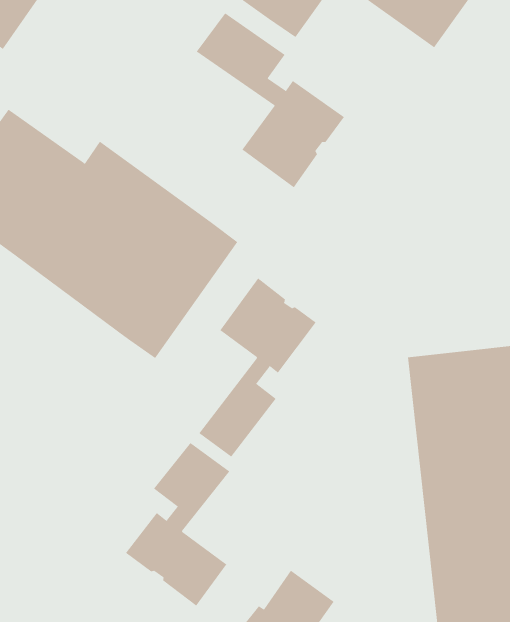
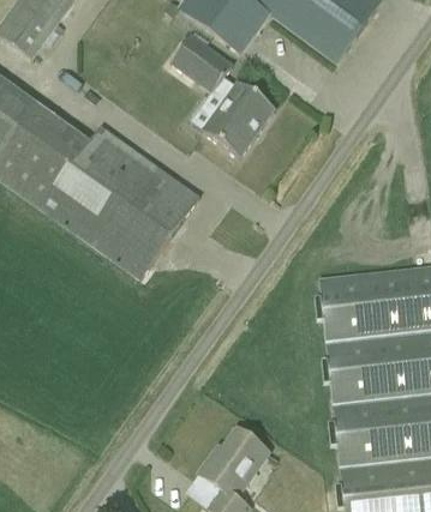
building: [198,278,317,457] -> none
building: [125,442,230,607] -> none

